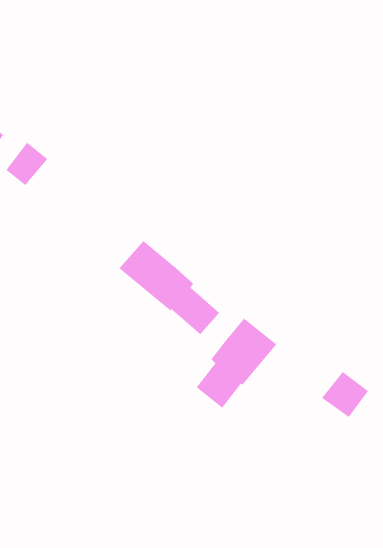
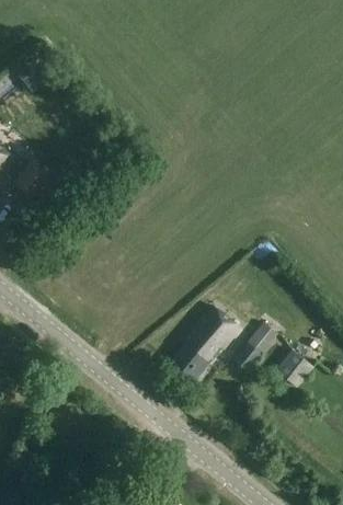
building: [118,240,220,335] -> none
building: none -> [235,323,279,371]

